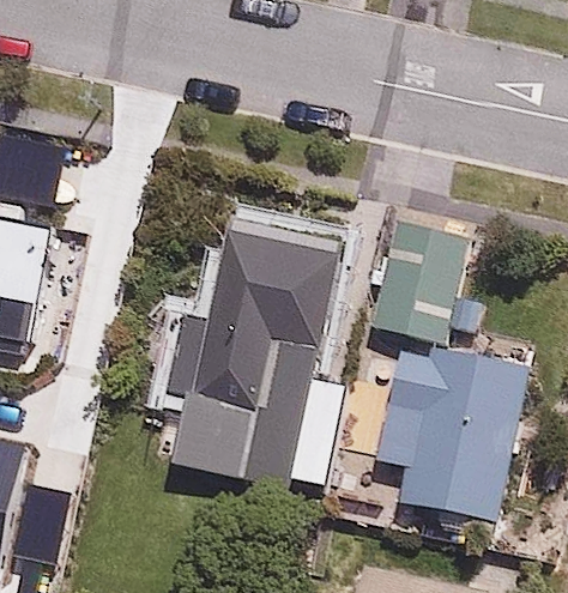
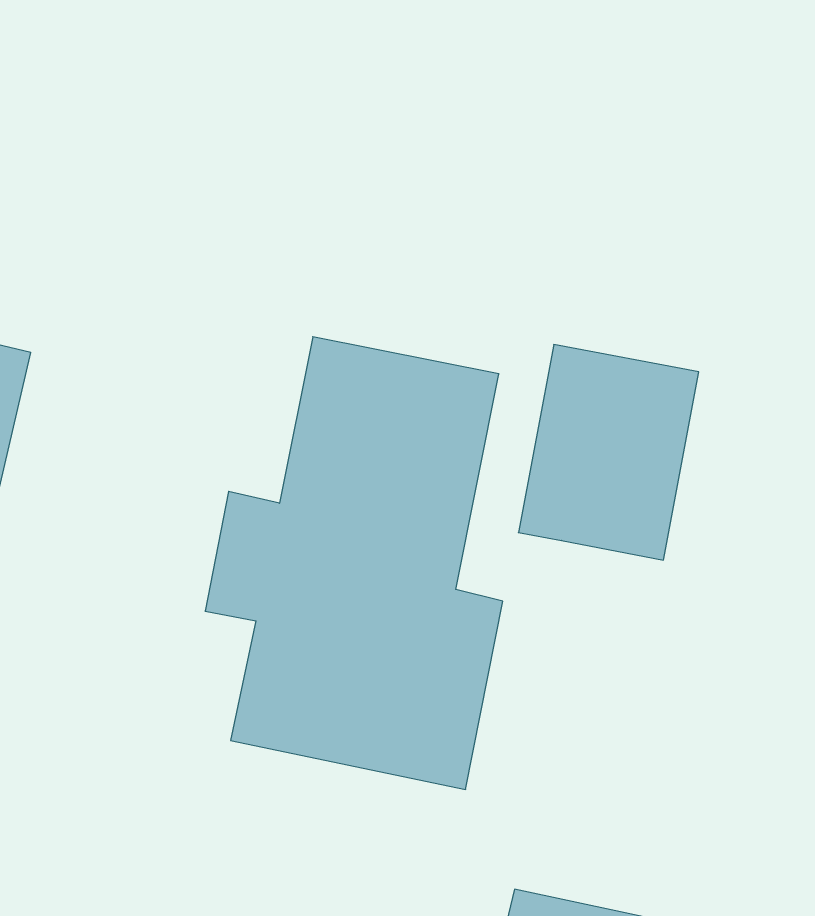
building: [359,341,531,521] -> none

